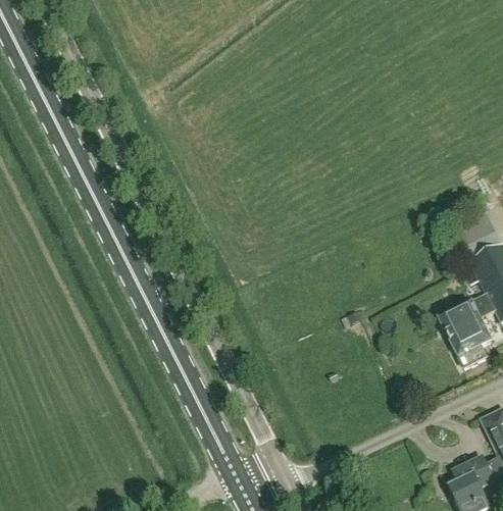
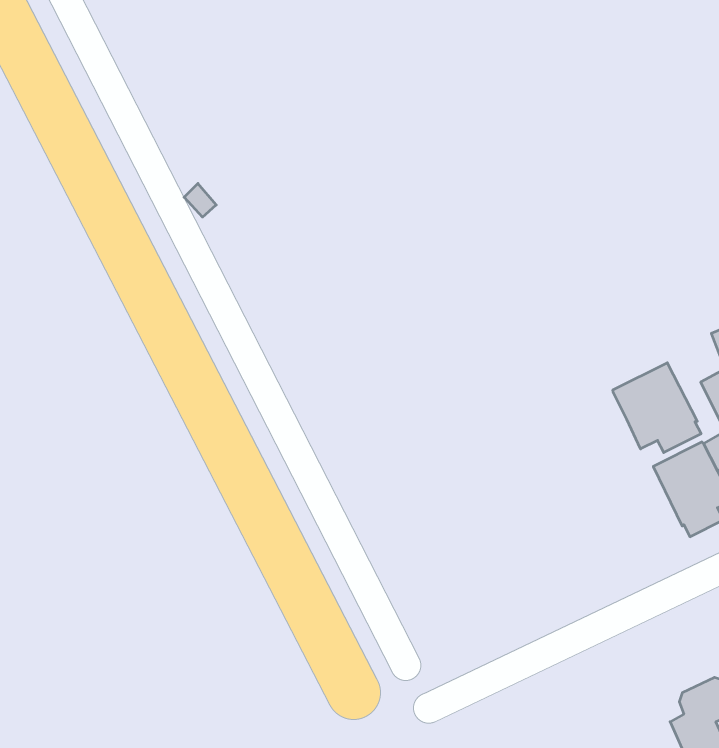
building: none -> [613,363,701,453]

